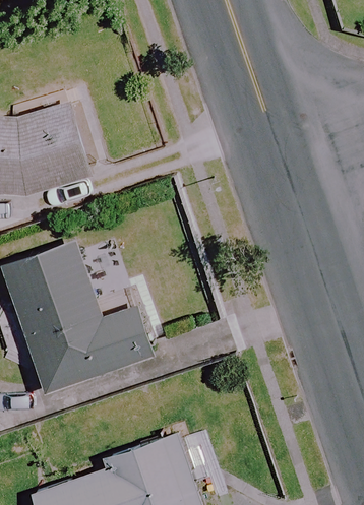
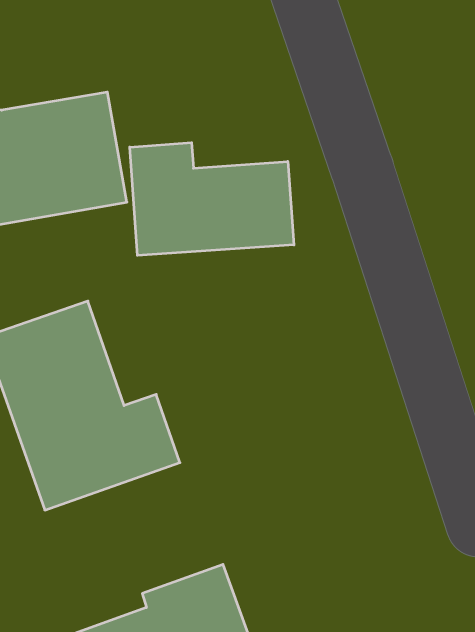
building: none -> [130,143,294,255]

